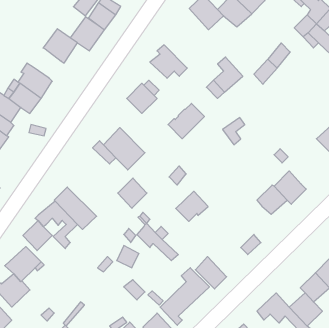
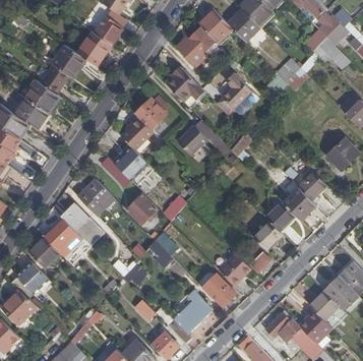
building: none -> [175,27,217,69]
building: none -> [41,64,69,94]
building: none -> [120,116,154,149]
building: none -> [298,171,327,200]
building: none -> [77,179,112,216]
building: [176,191,208,221] -> [219,253,251,284]
building: none -> [254,223,284,250]

